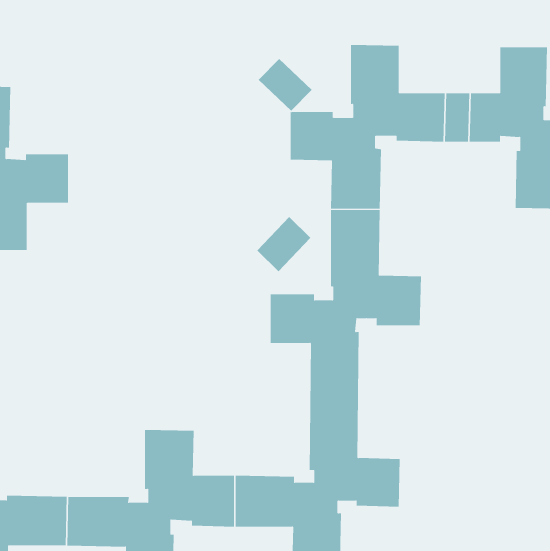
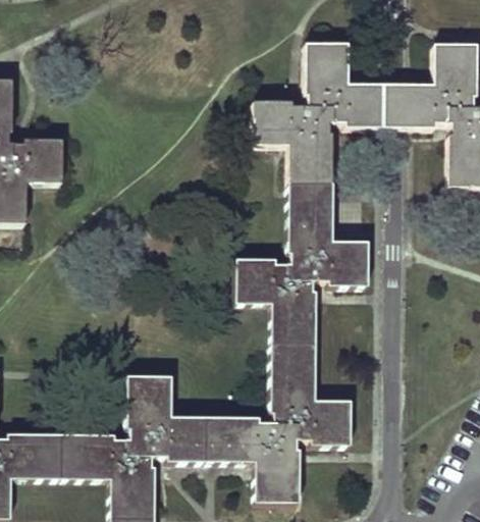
building: [258,58,313,112] -> none
building: [257,216,311,272] -> none

